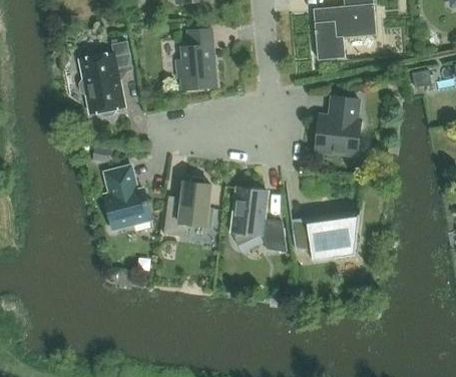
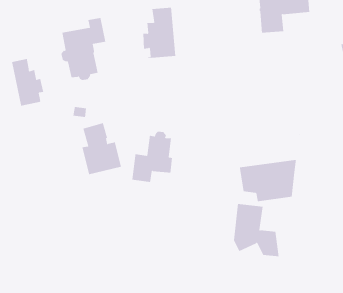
building: none -> [12,58,44,106]
building: [315,96,362,154] -> none
building: [230,187,287,252] -> [231,203,279,257]

